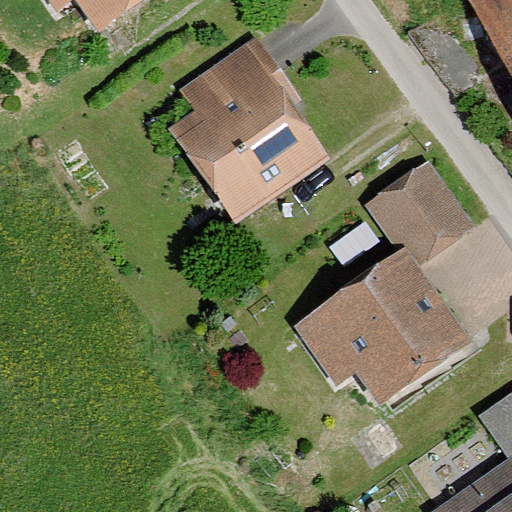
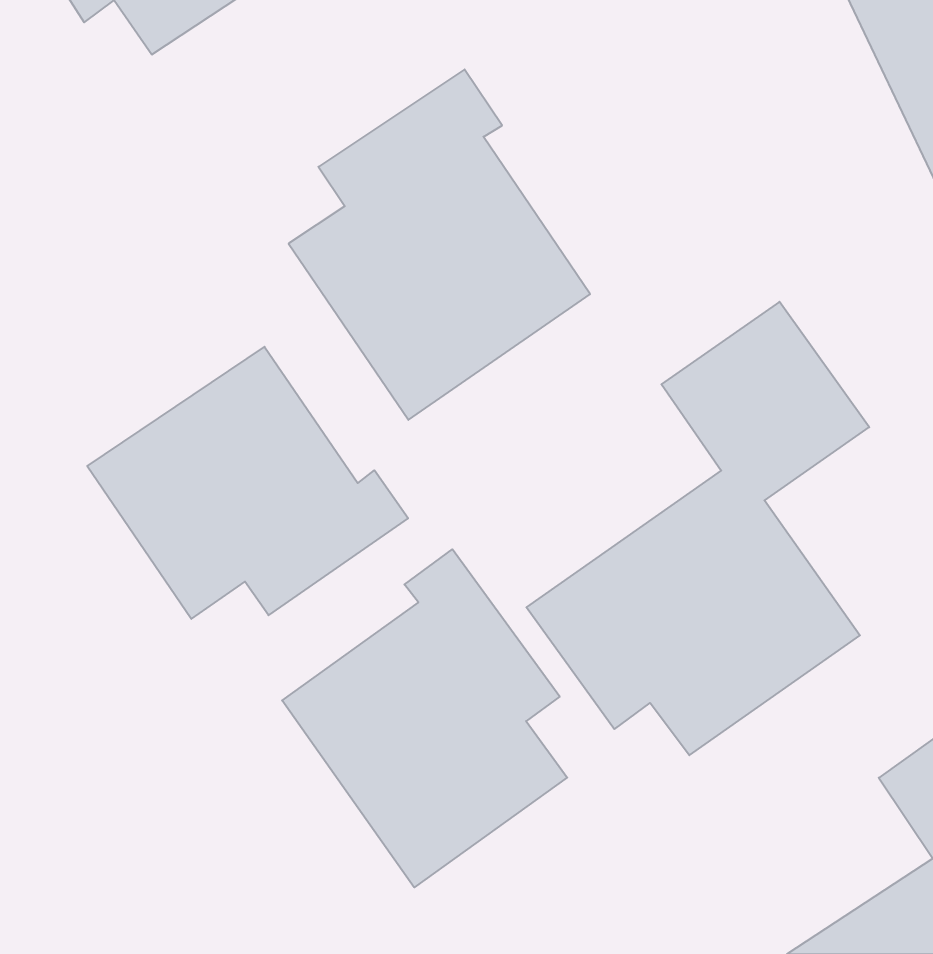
building: none -> [87,347,408,619]
building: none -> [282,549,567,887]

